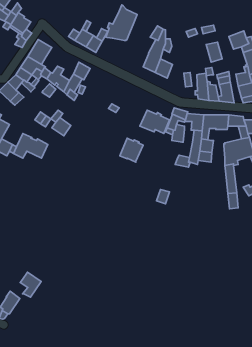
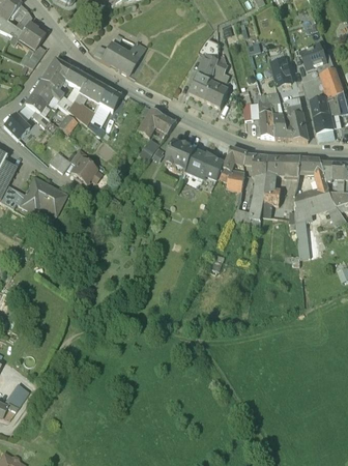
building: [106,5,137,41] -> none
building: none -> [64,68,107,103]
building: none -> [138,108,176,136]
building: [120,138,143,162] -> [165,140,195,171]
building: [20,272,41,297] -> none

